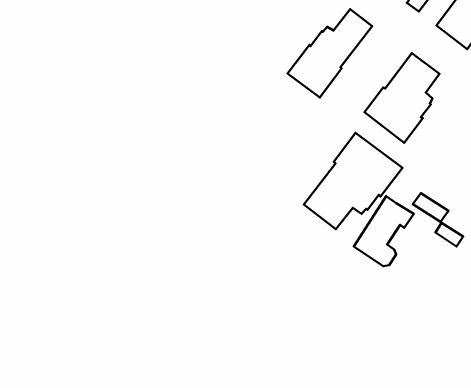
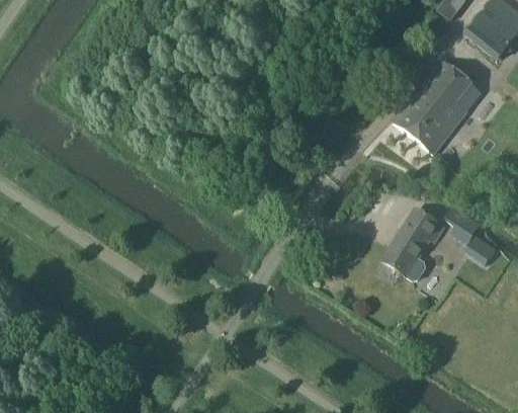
building: [287,9,372,97] -> none
building: [304,133,403,229] -> none

